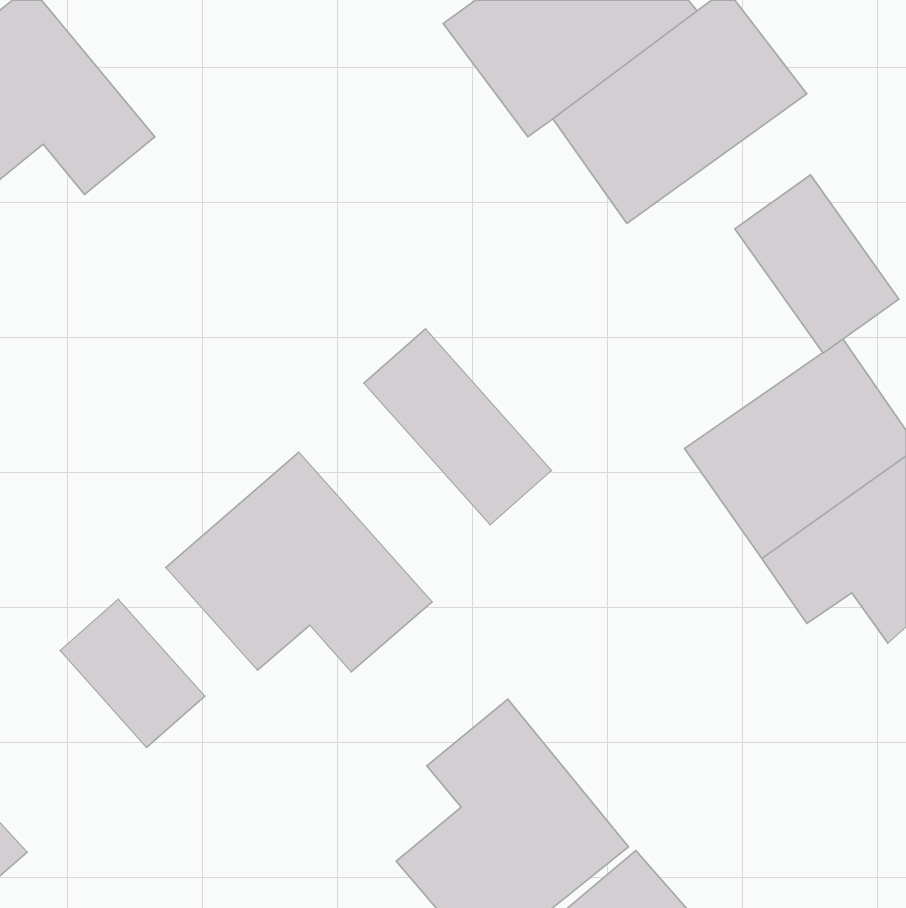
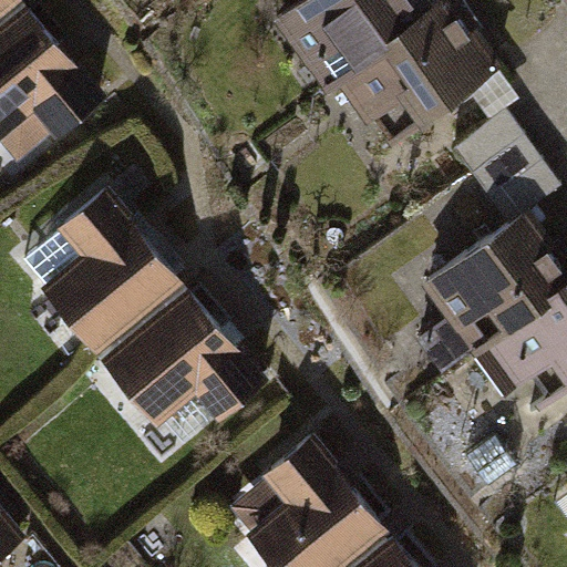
building: none -> [41,192,177,349]
building: [364,329,552,525] -> none
building: [60,599,205,748] -> none

